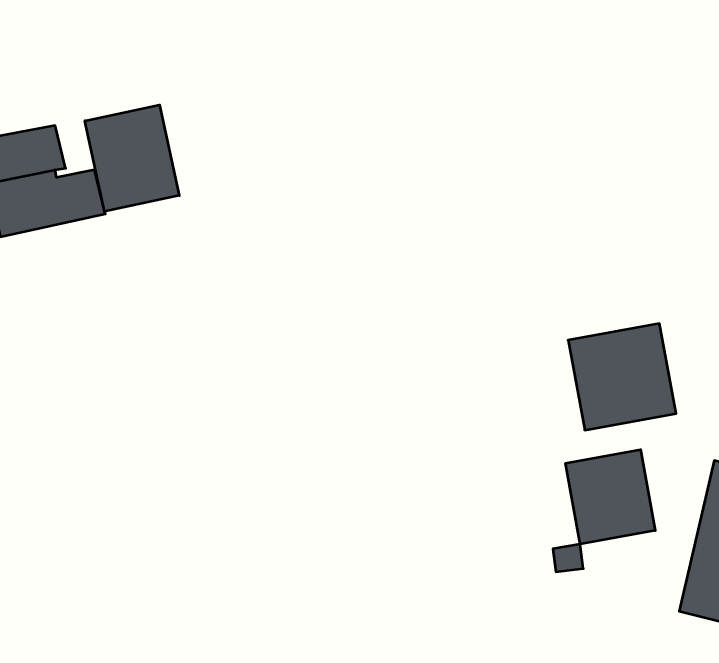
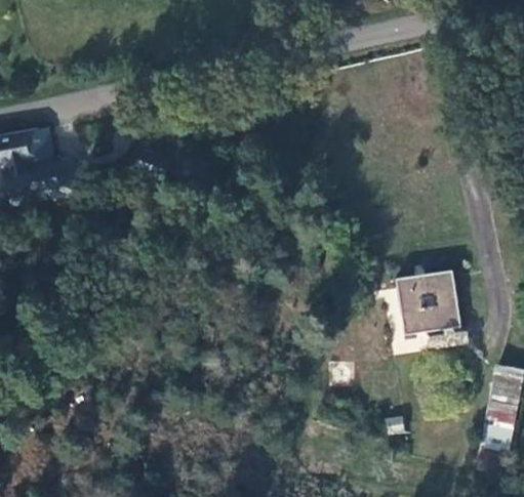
building: [85,105,179,212] -> none
building: [566,450,655,544] -> none

